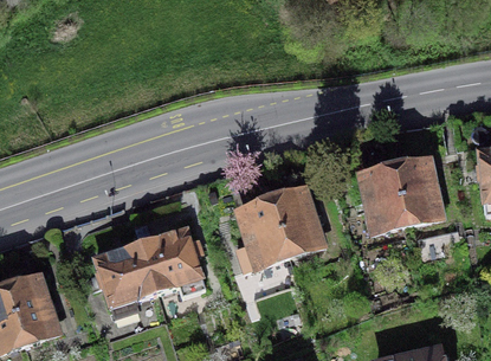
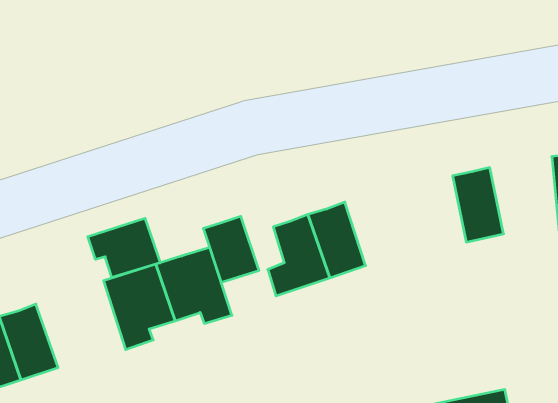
building: [362,165,407,228] -> none
building: none -> [203,216,259,283]
building: none -> [88,218,160,278]

